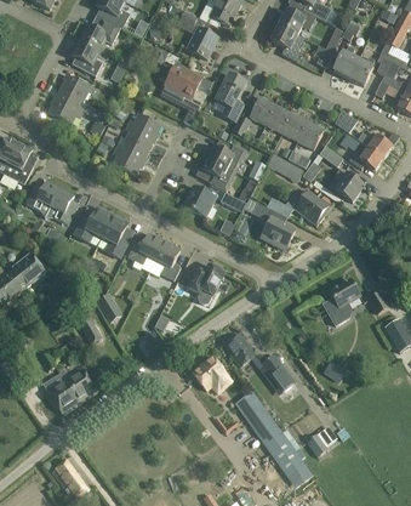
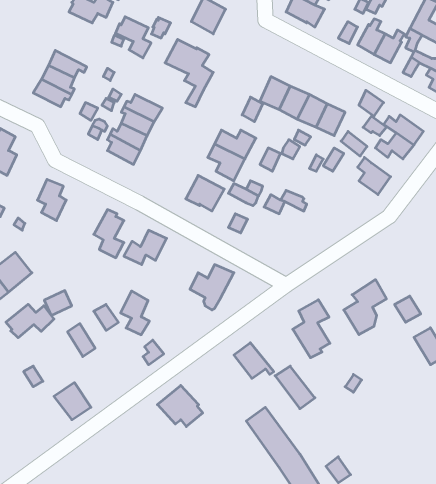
building: [70,40,102,76] -> [115,17,151,58]
building: [215,73,245,120] -> none
building: [25,181,59,210] -> none
building: [292,188,330,224] -> none
building: [74,209,113,241] -> none
building: [261,217,295,249] -> none
building: [155,240,181,279] -> [121,291,149,335]
building: none -> [293,300,330,358]
building: none -> [6,304,54,338]
building: [192,354,232,391] -> [157,385,203,427]
building: [48,380,81,414] -> none

